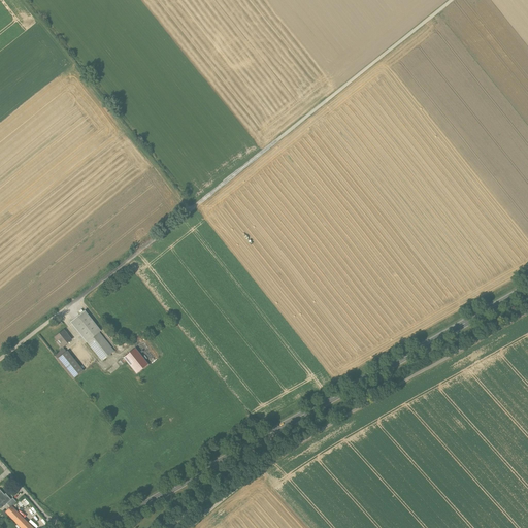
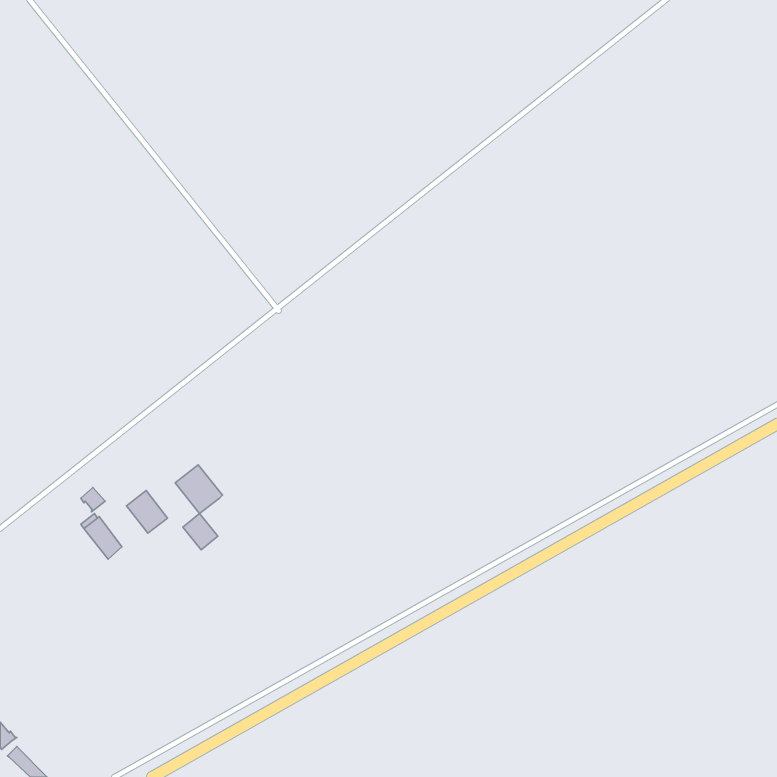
building: [70,309,102,342] -> [175,465,222,513]

